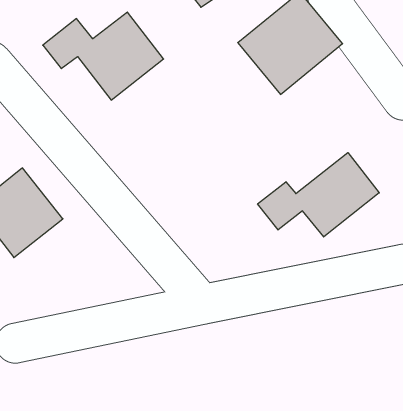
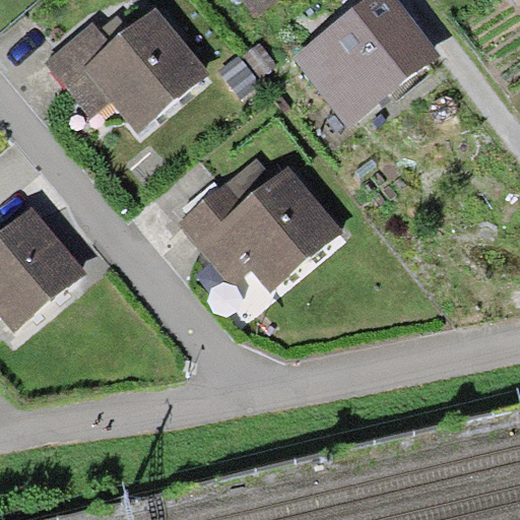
building: none -> [180,178,333,288]
building: [258,153,379,237] -> none

